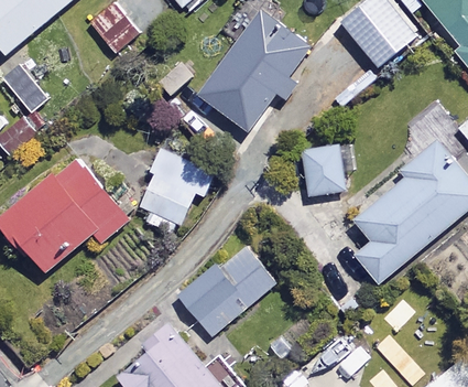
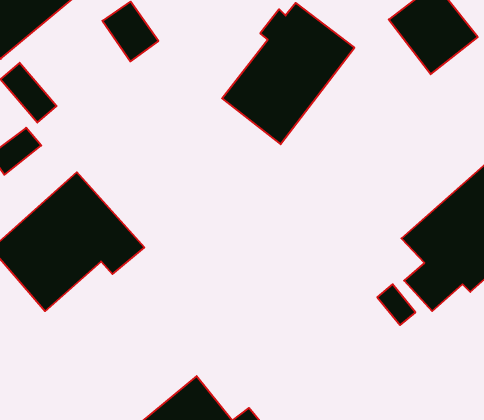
building: [139,146,214,238] -> none
building: [302,146,346,197] -> none
building: [177,243,277,337] -> none

